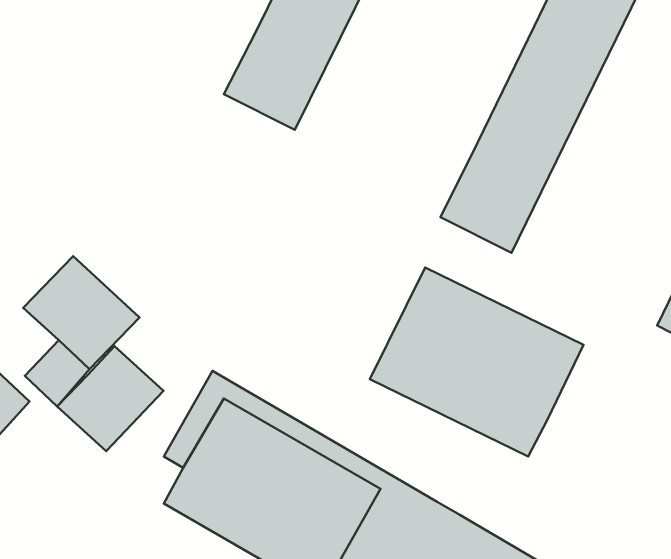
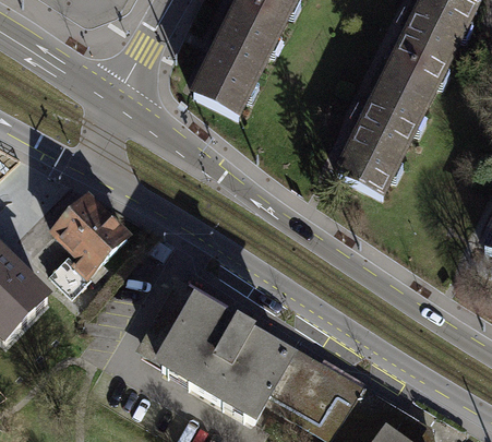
building: [370,267,584,457] -> none
building: [57,346,164,451] -> none

